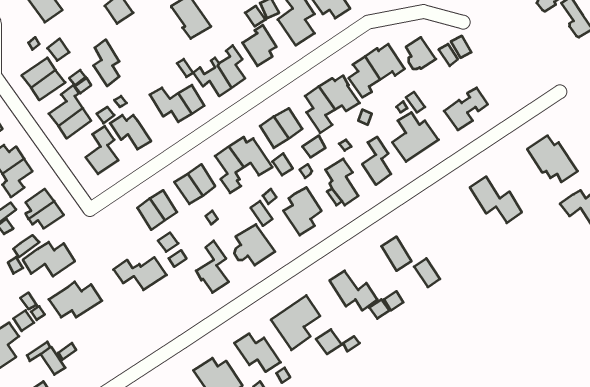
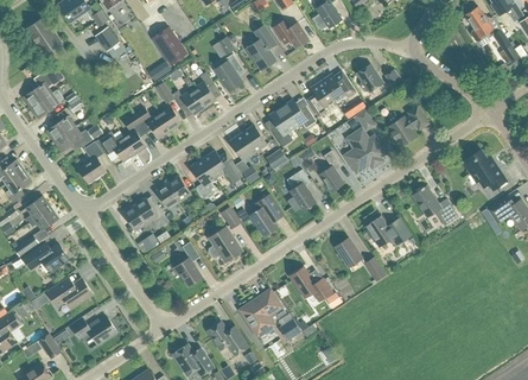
building: [93,40,119,86] -> [123,114,146,154]
building: none -> [367,216,411,247]
building: [113,257,167,290] -> [71,316,117,344]

